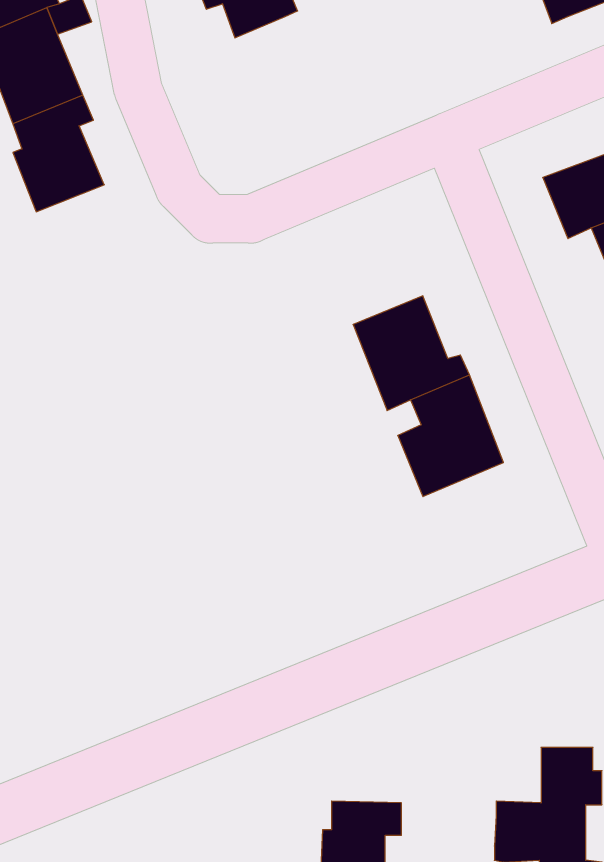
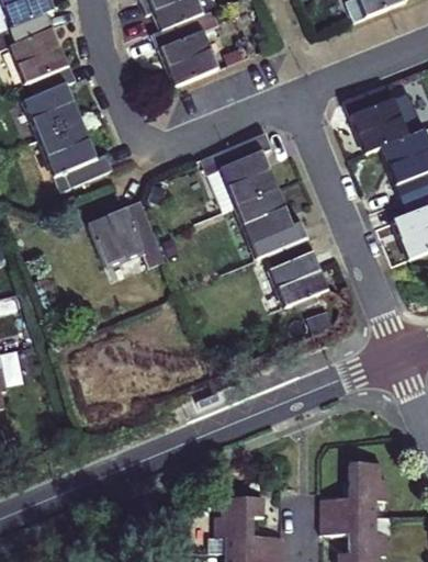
building: none -> [157,16,219,85]
building: none -> [41,120,111,190]
building: none -> [202,132,278,210]
building: none -> [89,202,164,263]

